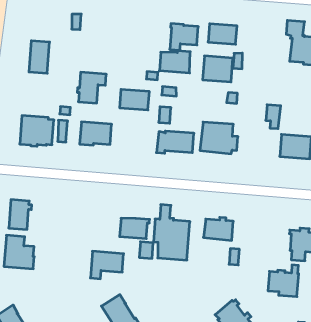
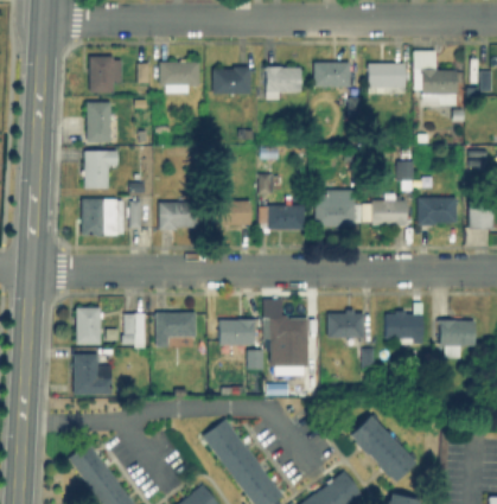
building: none -> [89,56,122,92]
building: none -> [159,60,199,87]
building: [159,51,190,73] -> [212,66,251,94]
building: [203,56,233,82] -> [368,63,404,94]
building: [77,72,106,103] -> [82,151,117,189]
building: [120,89,149,110] -> [214,202,250,225]
building: none -> [372,194,409,227]
building: none -> [121,314,145,347]
building: [90,251,124,279] -> [155,313,196,347]
building: [268,265,299,297] -> [386,304,423,344]

